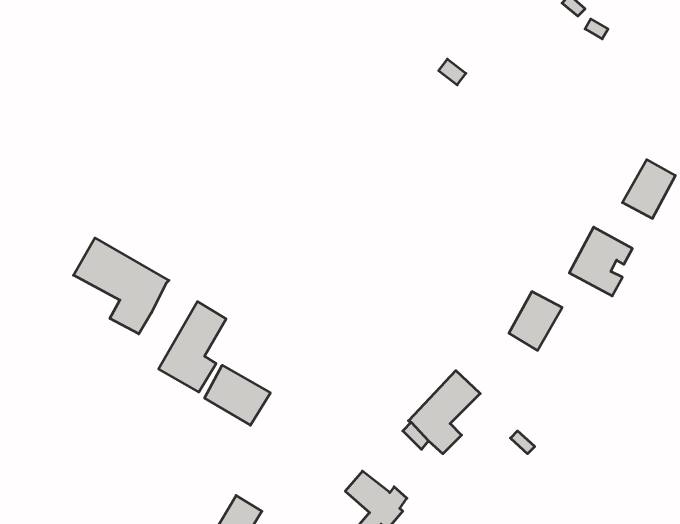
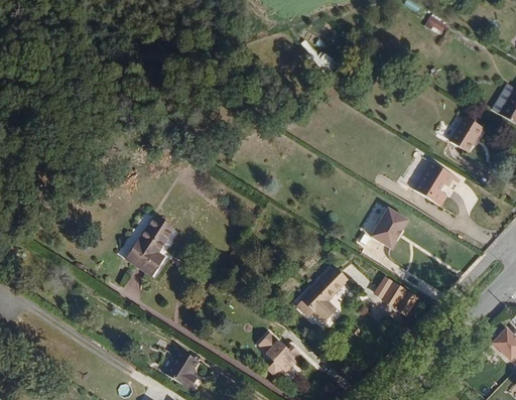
building: [73,238,169,334] -> none
building: [205,365,270,425] -> none
building: none -> [384,281,410,308]

